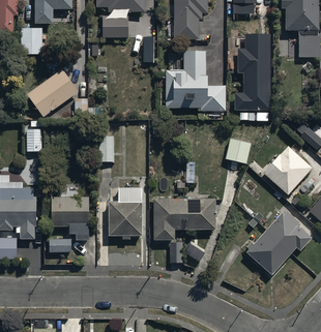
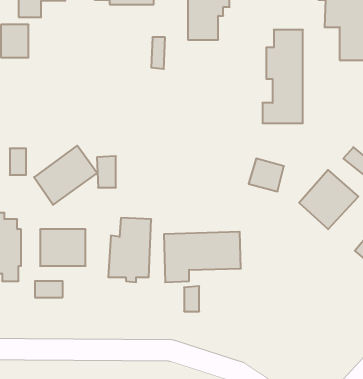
building: [100,14,128,38] -> none
building: [165,49,227,110] -> none
building: [27,67,79,116] -> [34,146,97,205]
building: [245,211,312,274] -> none

